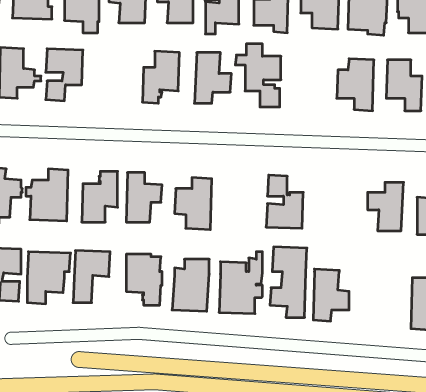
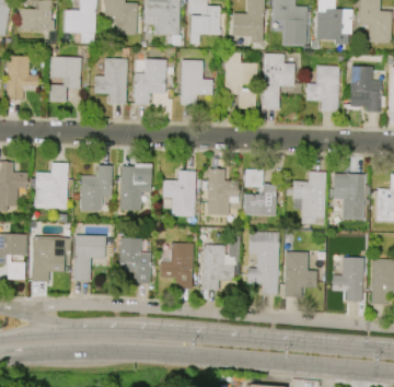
building: none -> [262,54,293,109]
building: none -> [93,58,127,104]
building: none -> [207,169,239,215]
building: none -> [292,172,325,224]
building: none -> [332,257,363,302]

